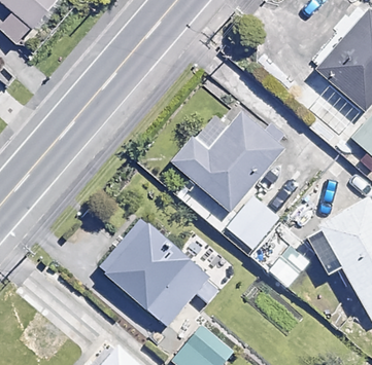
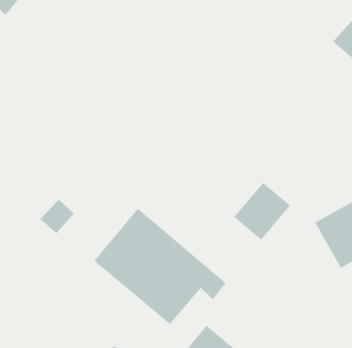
building: [171,110,284,212] -> none

